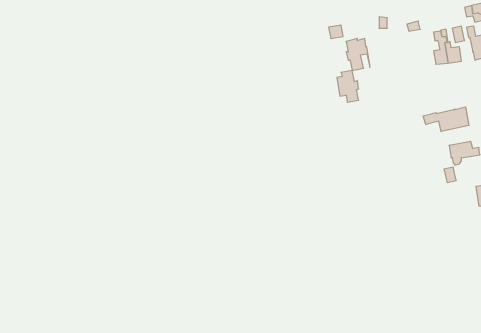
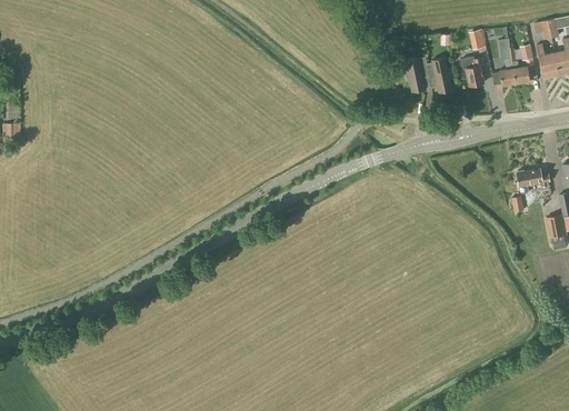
building: none -> [461,57,483,86]
building: [337,70,359,102] -> [427,58,450,92]
building: [423,107,469,132] -> none

